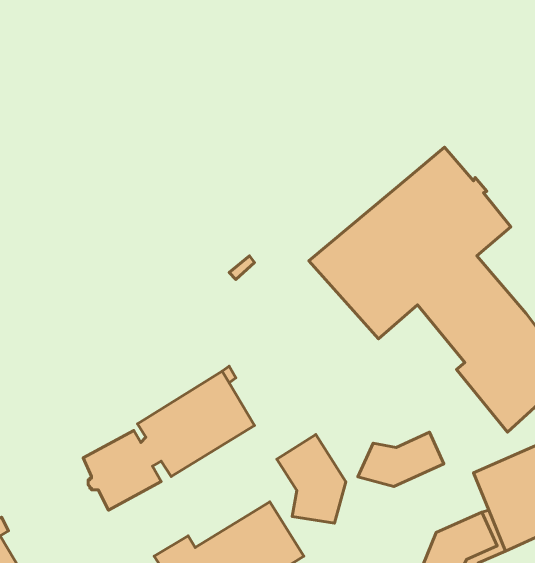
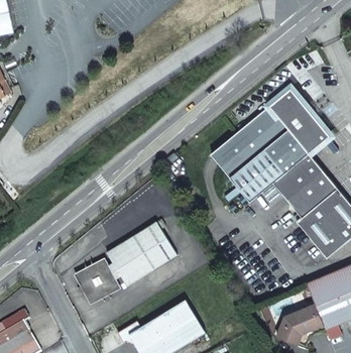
building: [358,432,444,487] -> none
building: [277,435,346,523] -> none

